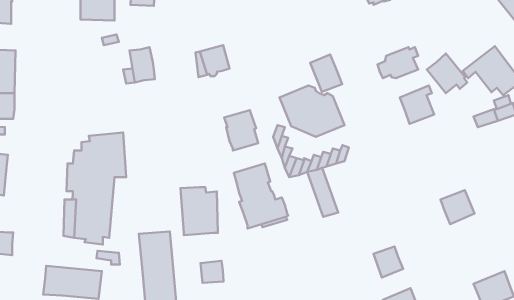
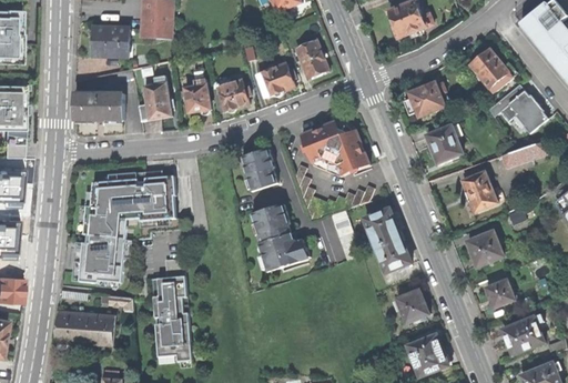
building: none -> [255,62,294,97]
building: none -> [180,79,210,114]
building: [427,54,467,93] -> [468,47,510,88]
building: [310,54,342,92] -> [294,39,327,78]
building: none -> [72,93,122,120]
building: none -> [462,170,503,211]
building: none -> [364,208,410,272]
building: [181,187,218,235] -> [136,170,175,220]
building: none -> [485,279,515,308]
building: [201,261,224,283] -> none

